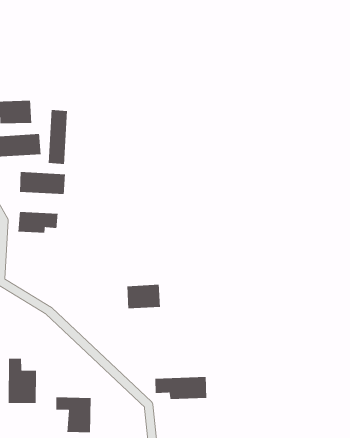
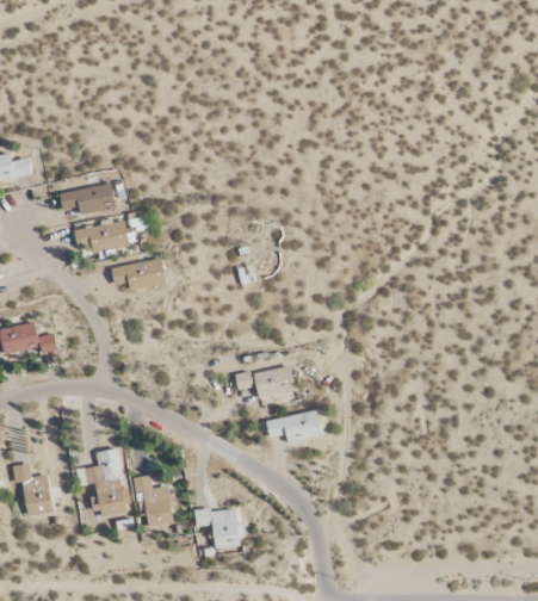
building: [48,109,68,165] -> none
building: [18,211,59,233] -> none
building: [154,376,207,400] -> [266,409,329,442]

